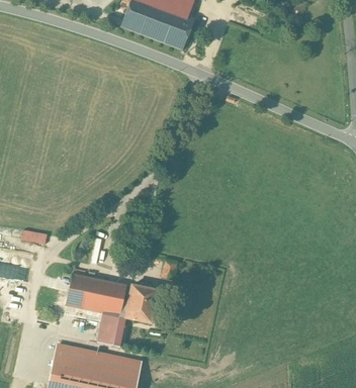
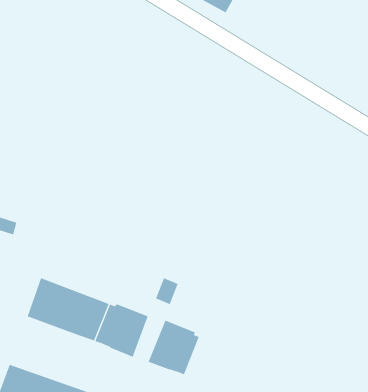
building: none -> [148,320,200,375]
building: [98,312,125,345] -> none

